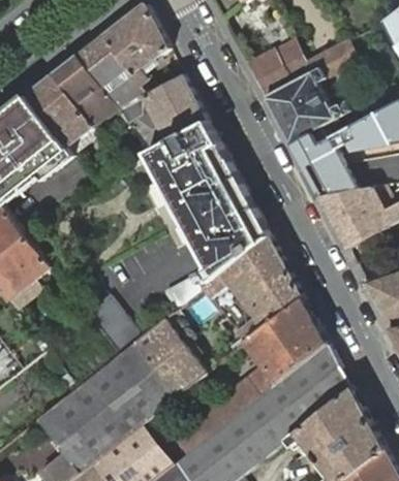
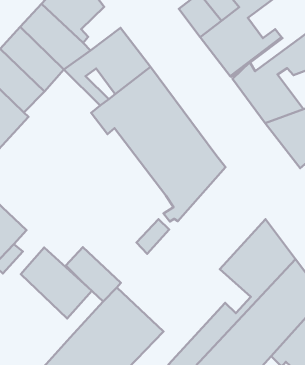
building: [204,236,302,342] -> none
building: [135,320,207,397] -> [21,248,92,318]

